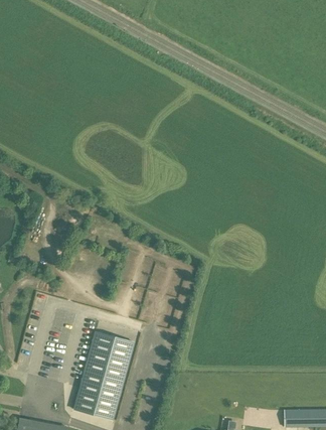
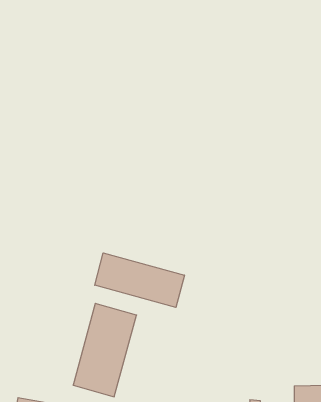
building: none -> [95,253,184,307]

